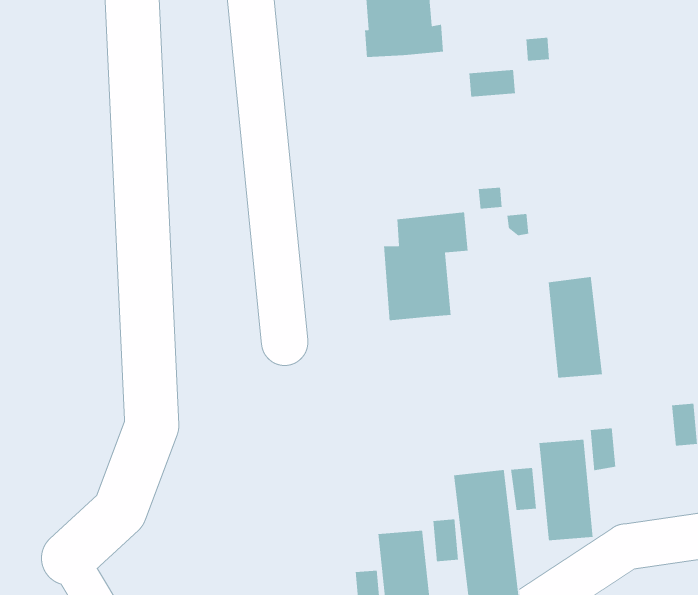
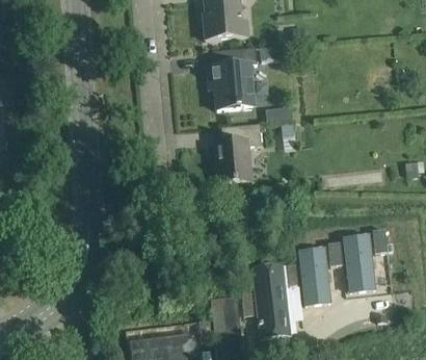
building: none -> [209,47,260,109]
building: [548,276,603,378] -> [345,234,375,290]

